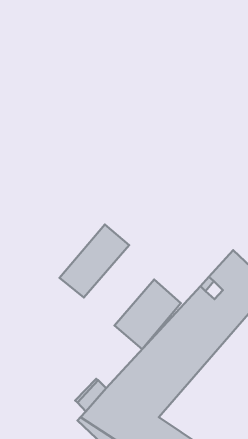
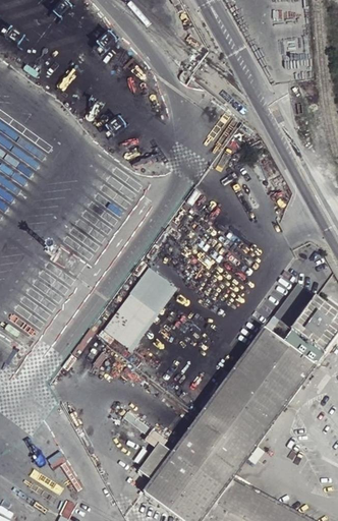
building: [115,280,181,349] -> none

